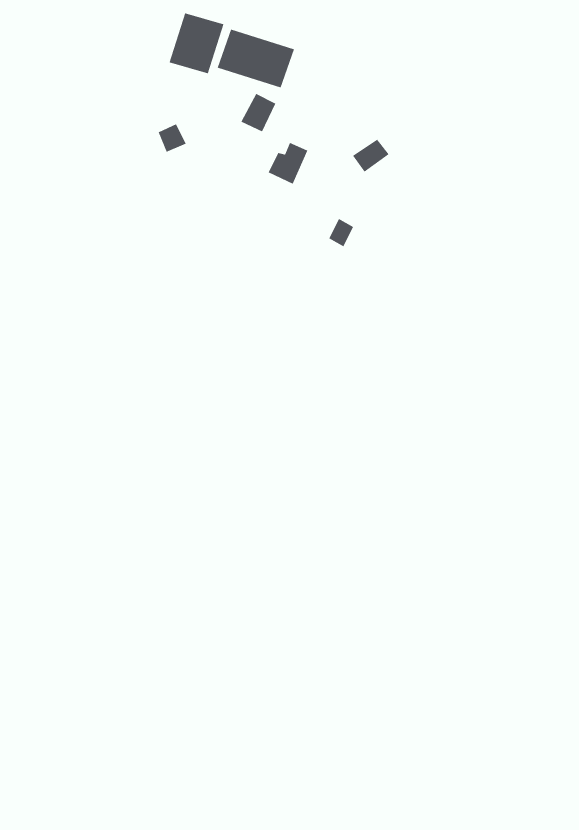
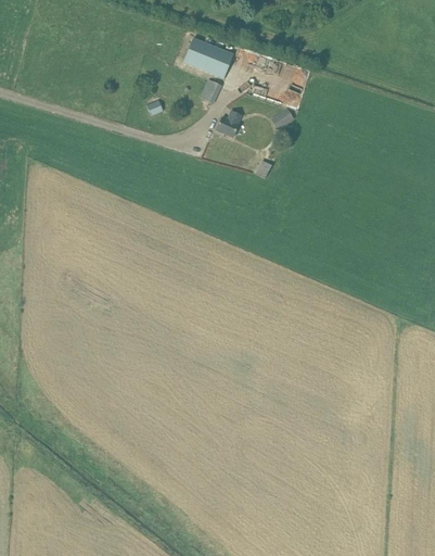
building: [169,12,224,74] -> none

